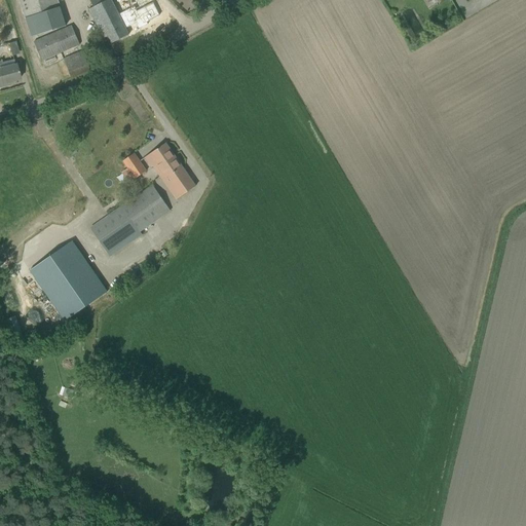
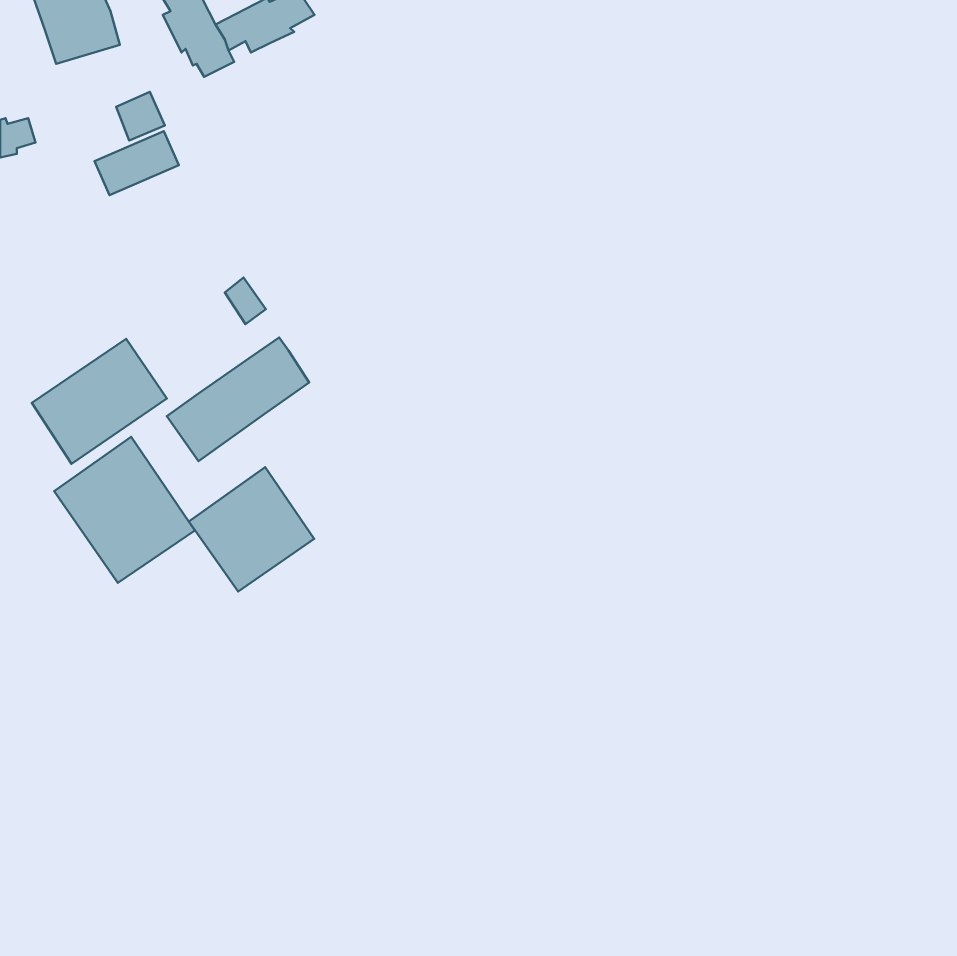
building: [34,25,80,60] -> [94,131,179,195]
building: [145,142,195,198] -> none
building: none -> [32,339,167,464]
building: none -> [189,467,314,592]

